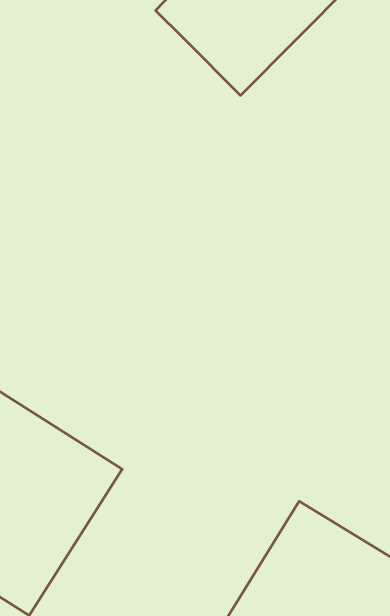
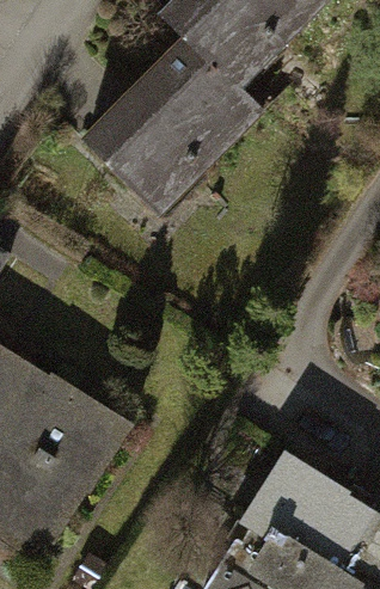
building: none -> [81,41,258,217]

